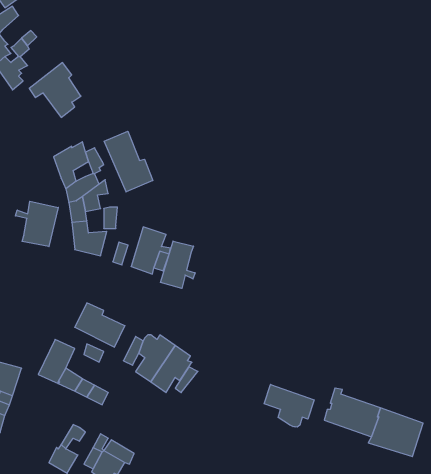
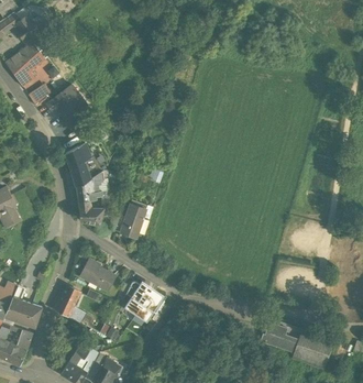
building: [104,131,153,192] -> none
building: [15,201,58,247] -> none
building: [160,241,195,288] -> none
building: [264,384,314,427] -> none

